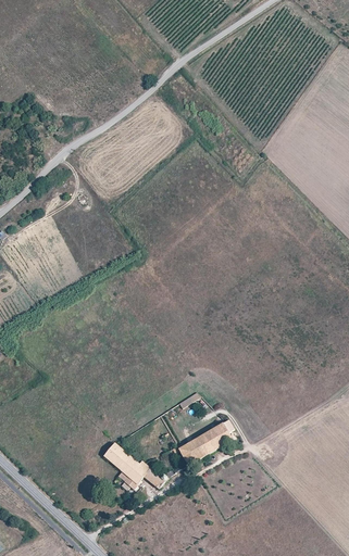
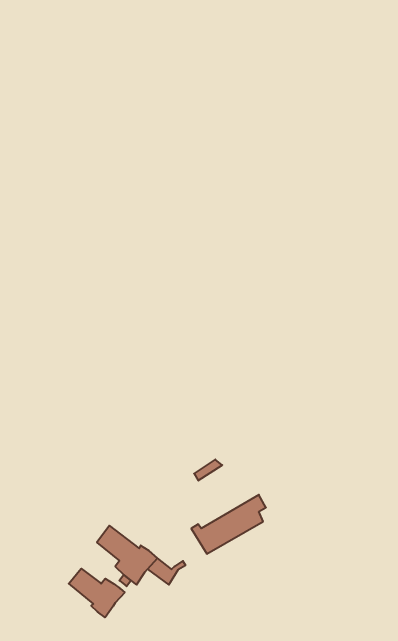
building: none -> [69,569,125,617]

